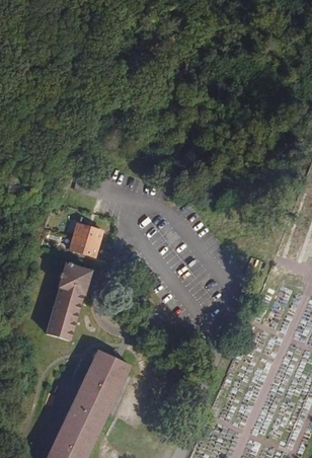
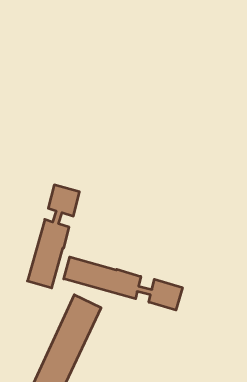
building: none -> [64,257,182,310]

